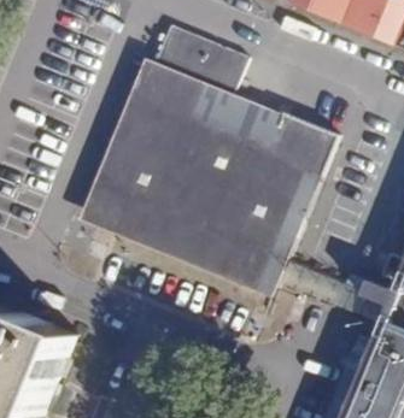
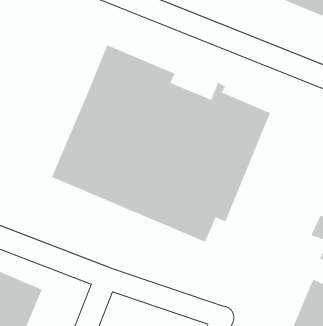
building: [147,31,239,99] -> none

